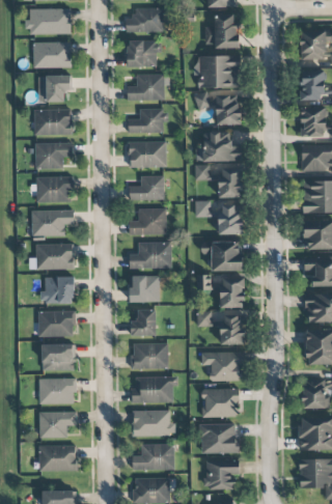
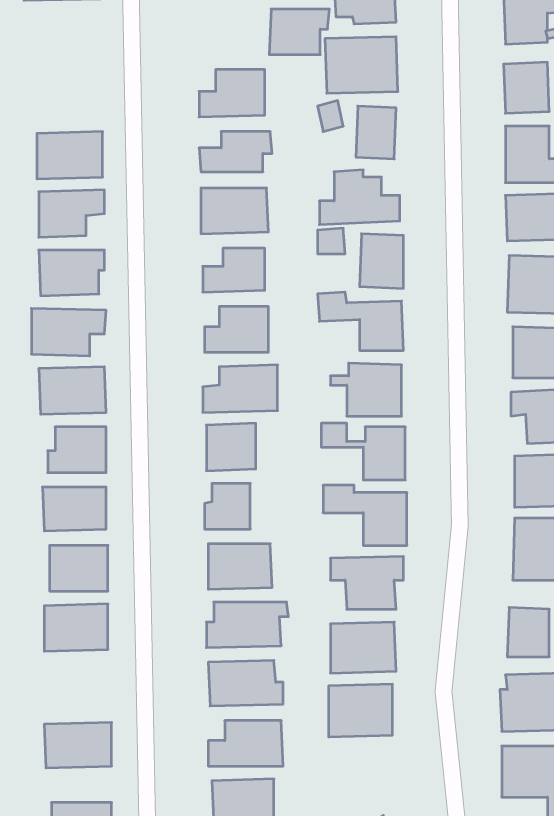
building: [127,40,161,66] -> [269,9,329,55]
building: [33,41,71,67] -> none
building: [37,75,72,102] -> none
building: [38,411,77,438] -> none
building: [204,459,239,488] -> none

